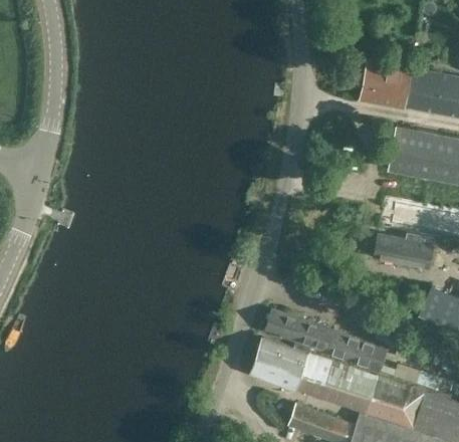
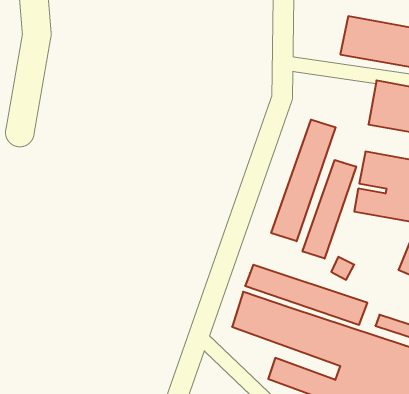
building: none -> [271,120,336,241]
building: none -> [303,160,356,259]

